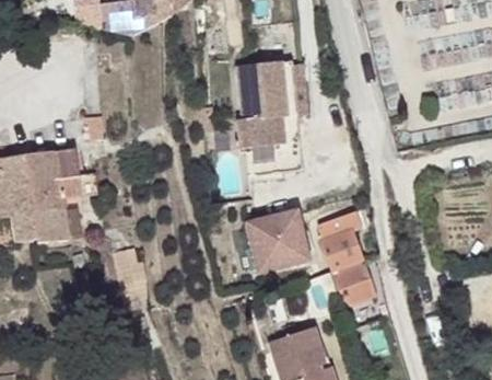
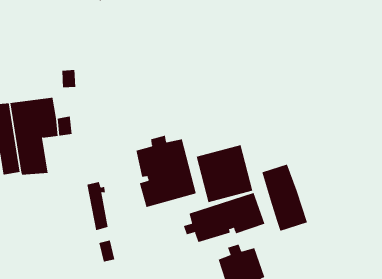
building: [236,59,302,174] -> none
building: none -> [136,135,196,208]
building: none -> [183,192,265,243]

